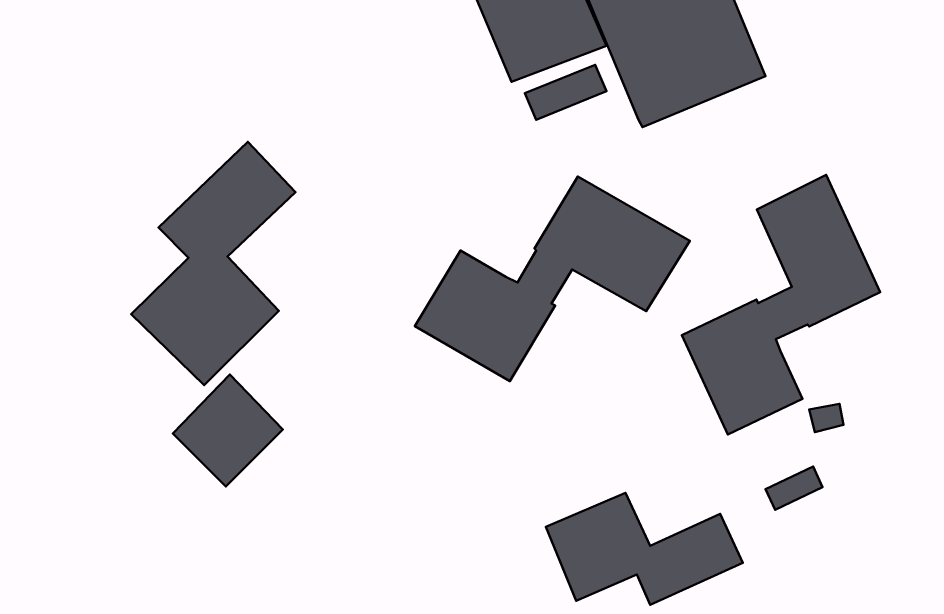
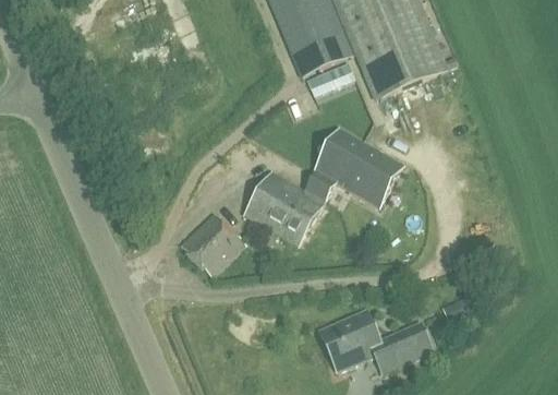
building: [131,142,295,385] -> none
building: [682,175,880,435] -> none
building: [173,375,283,486] -> [181,211,244,275]

